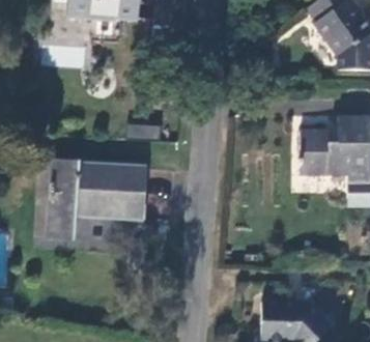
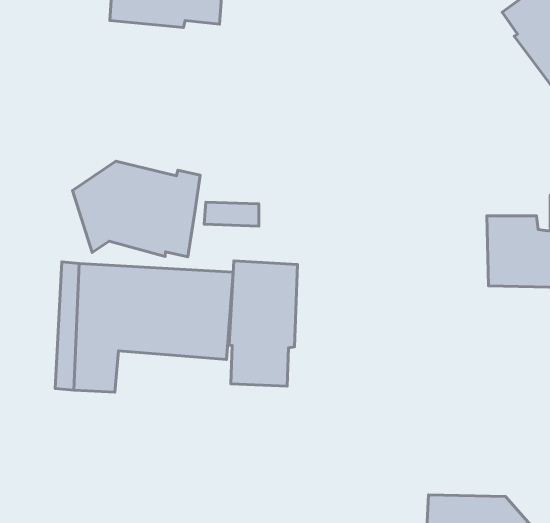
building: none -> [72,161,200,257]
building: none -> [229,261,297,386]

